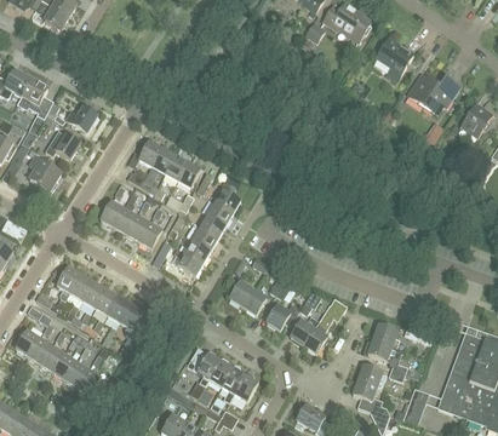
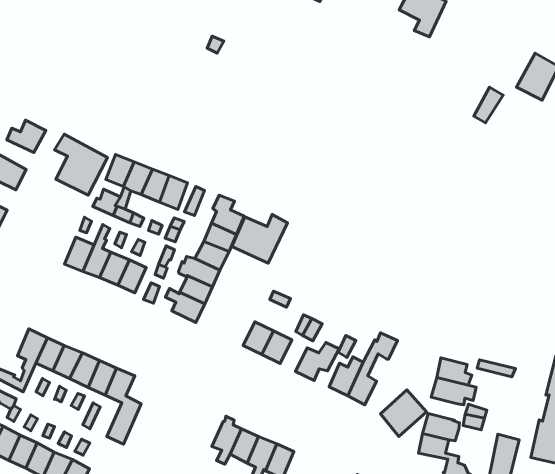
building: [407,73,459,111] -> none
building: none -> [55,134,108,195]
building: none -> [232,214,287,263]
building: none -> [381,390,427,436]

